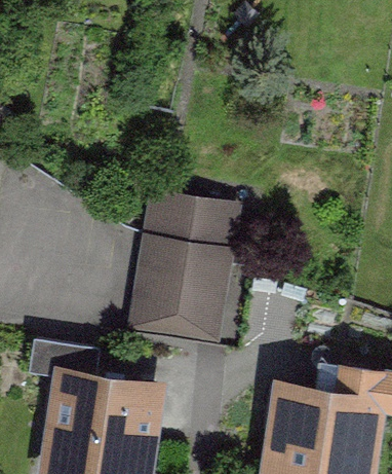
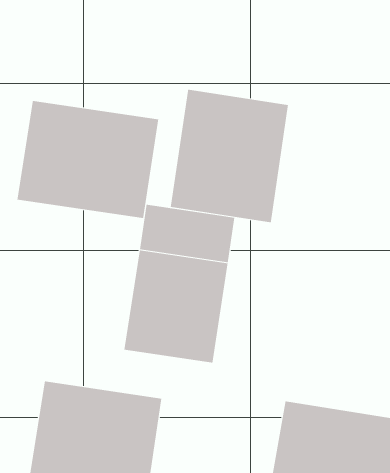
building: none -> [170,89,289,223]
building: none -> [17,100,159,219]

